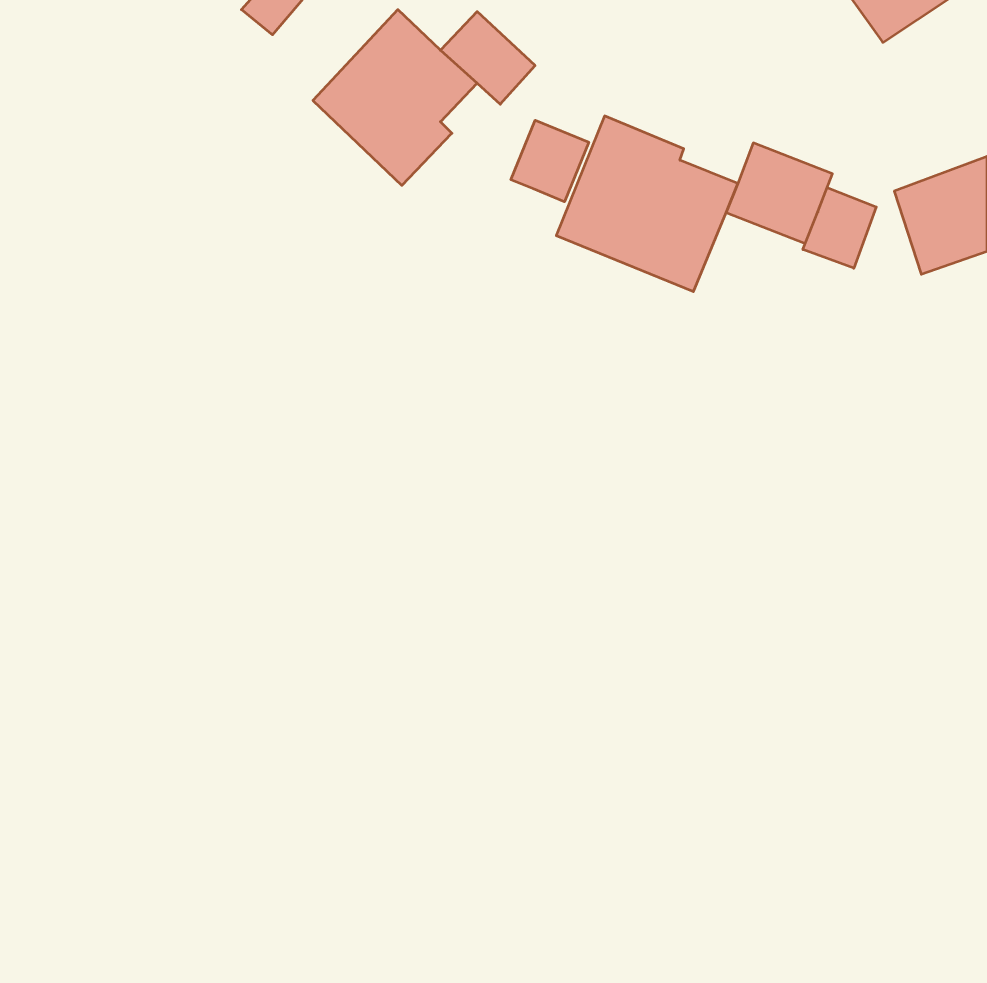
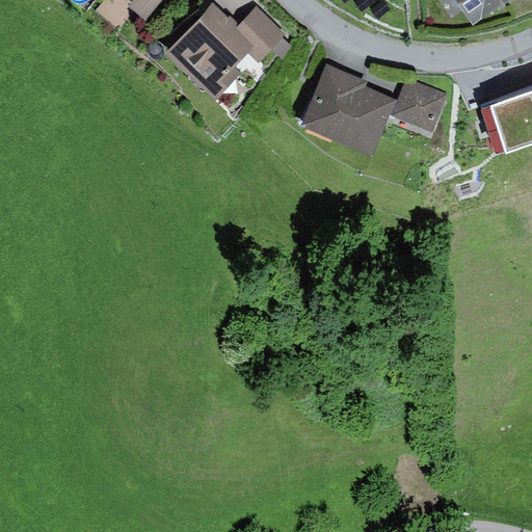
building: [511,120,589,202] -> none
building: [803,188,876,268] -> none

